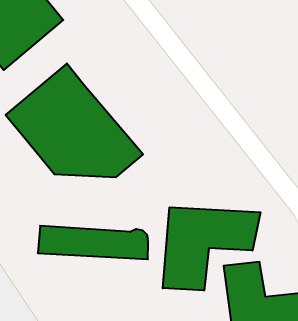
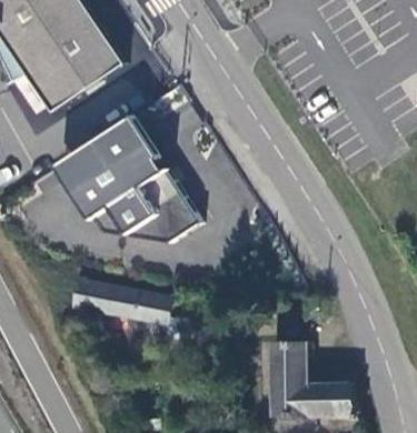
building: [163,207,260,291] -> none

